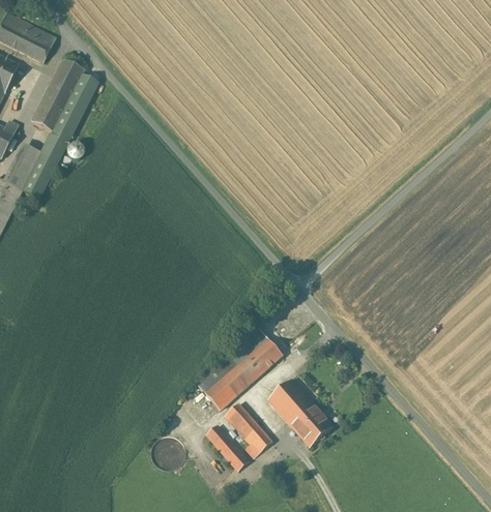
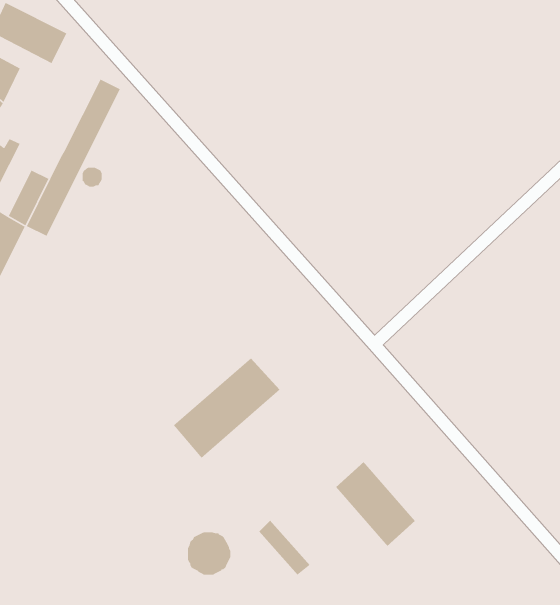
building: [31,59,83,131] -> none
building: [197,329,283,410] -> [173,358,281,459]
building: [225,403,271,457] -> none

